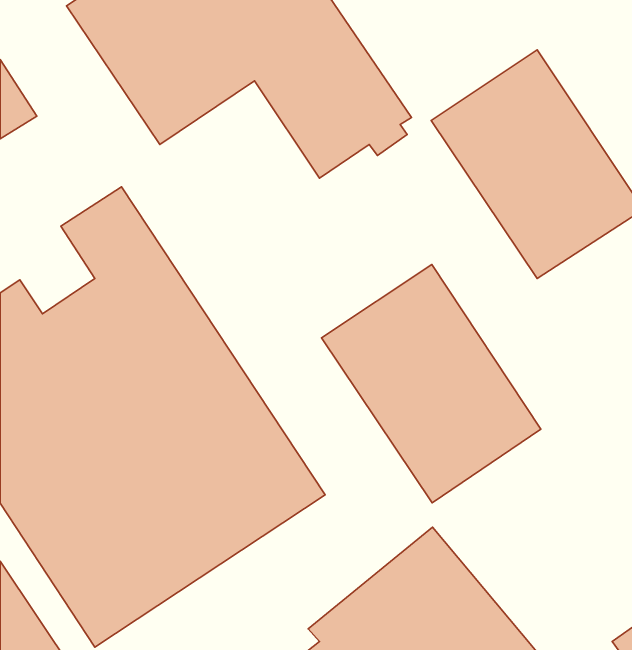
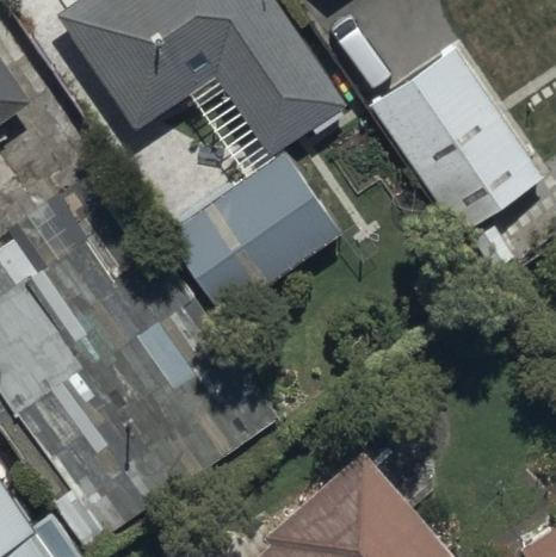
building: none -> [166,153,341,318]
building: [322,265,541,503] -> none

